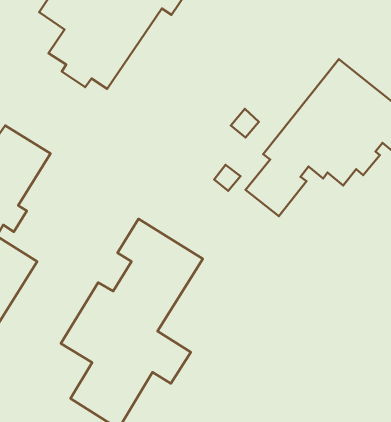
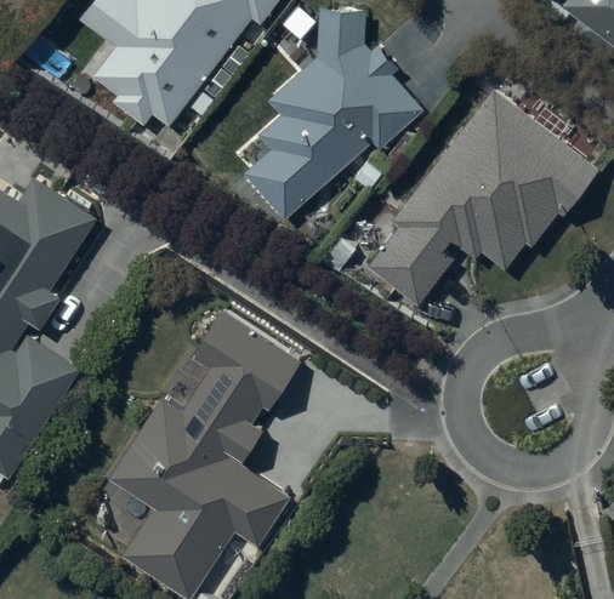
building: none -> [245,11,422,218]

